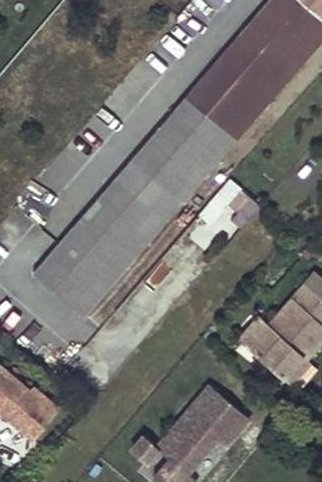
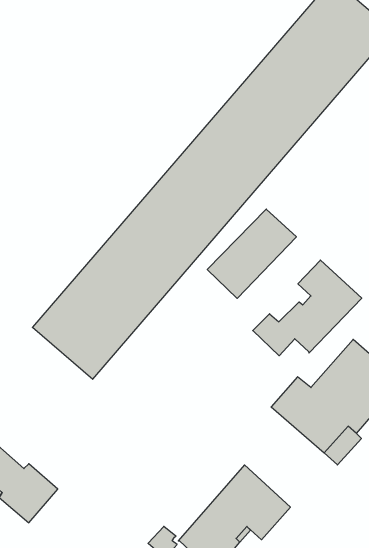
building: none -> [253,260,362,356]

